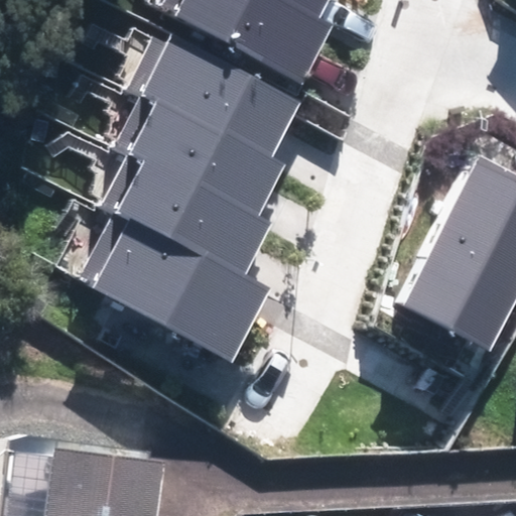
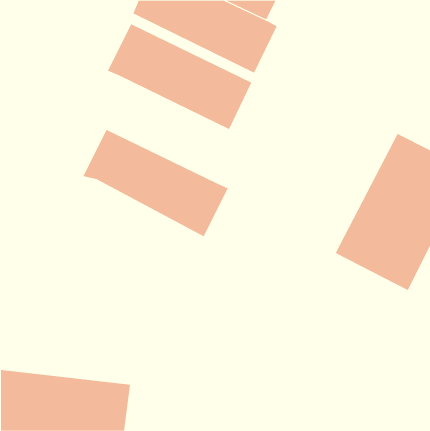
building: [115,91,288,219] -> none
building: [79,215,267,365] -> none

